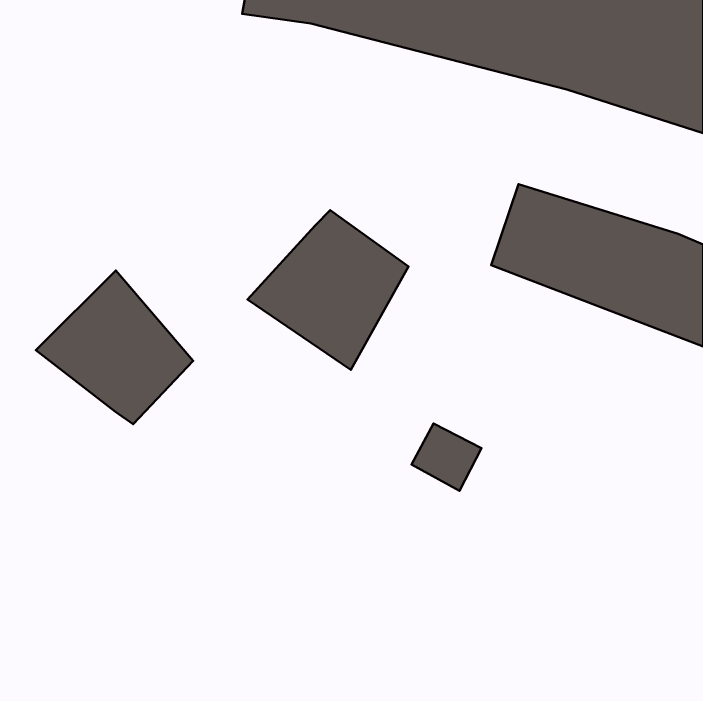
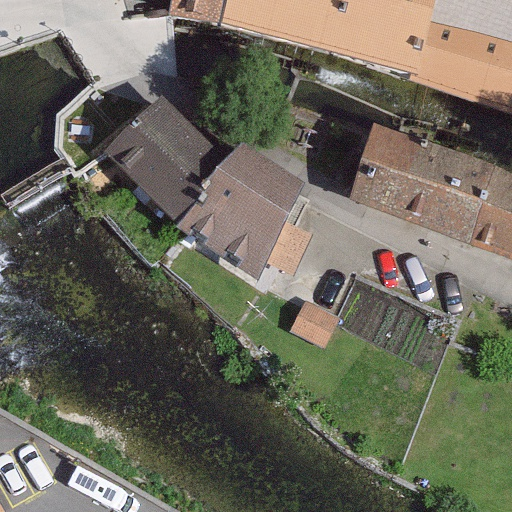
building: none -> [114,104,229,218]
building: [36,270,193,424] -> none

